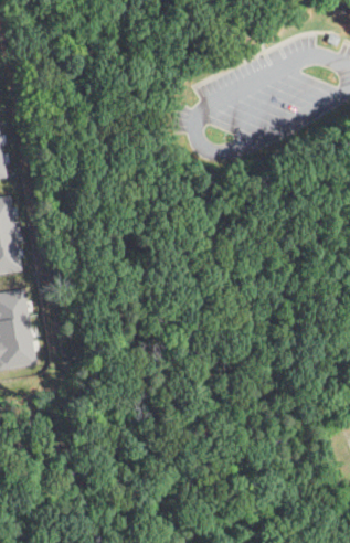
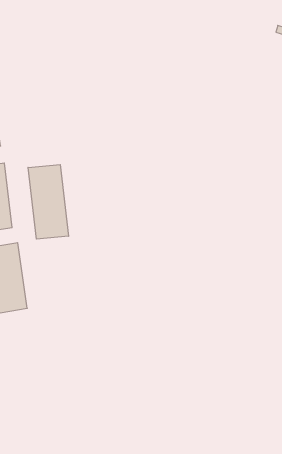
building: none -> [28,165,69,239]

